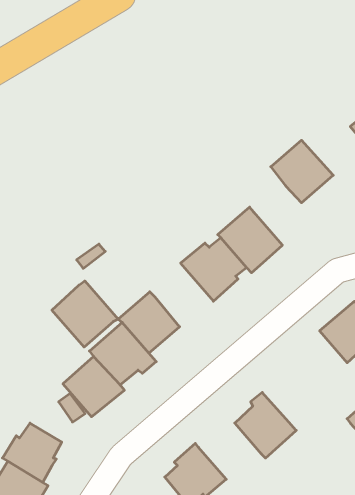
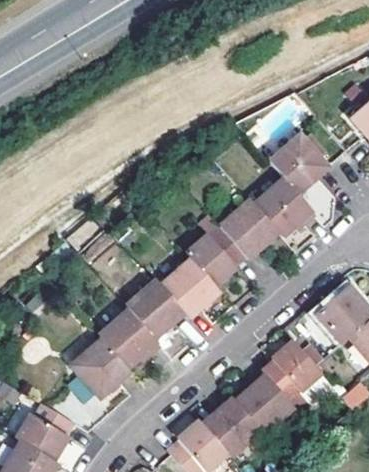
building: none -> [254,177,318,238]
building: none -> [161,257,220,316]
building: [52,281,118,347] -> none
building: none -> [262,340,322,400]
building: none -> [202,398,261,456]

